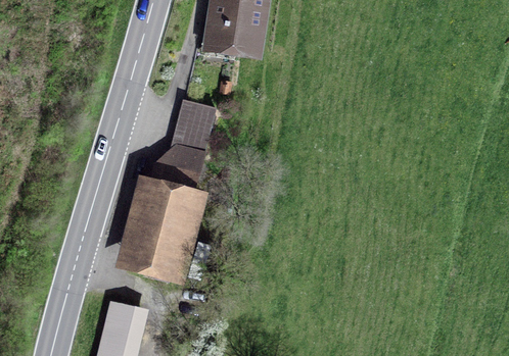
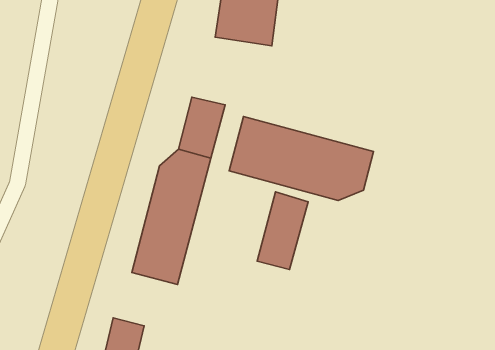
building: none -> [229,116,373,201]
building: none -> [257,192,308,269]

